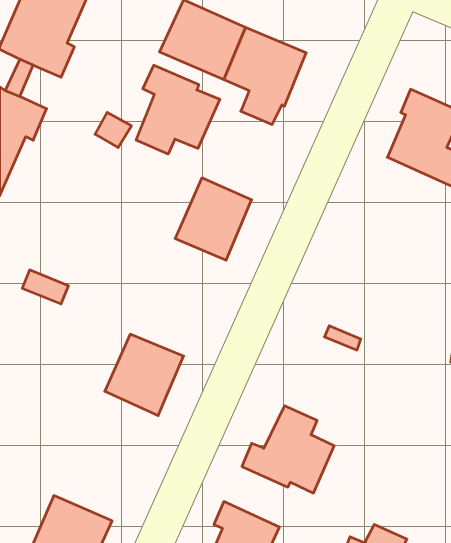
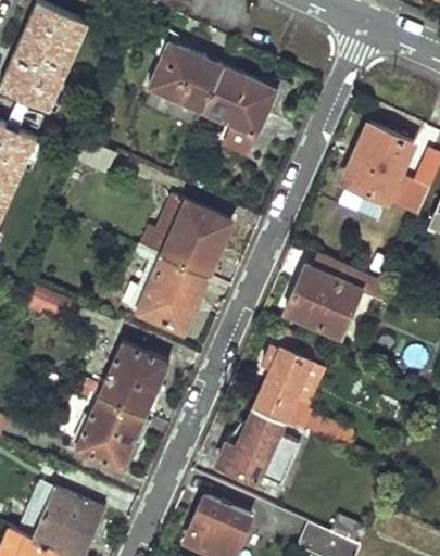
building: [136,65,220,154] -> none
building: none -> [284,254,386,338]
building: none -> [135,258,203,332]
building: none -> [255,343,326,428]
building: none -> [71,395,142,472]

